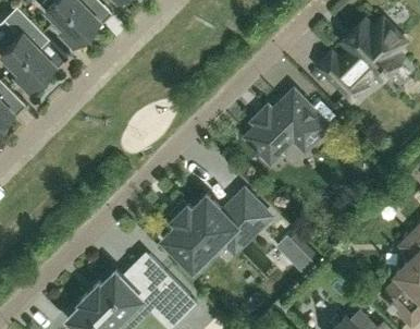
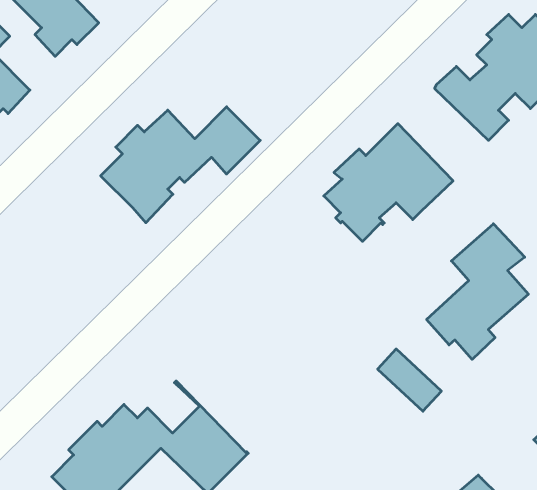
building: none -> [427,224,528,359]
building: [164,194,268,269] -> [101,107,260,223]

